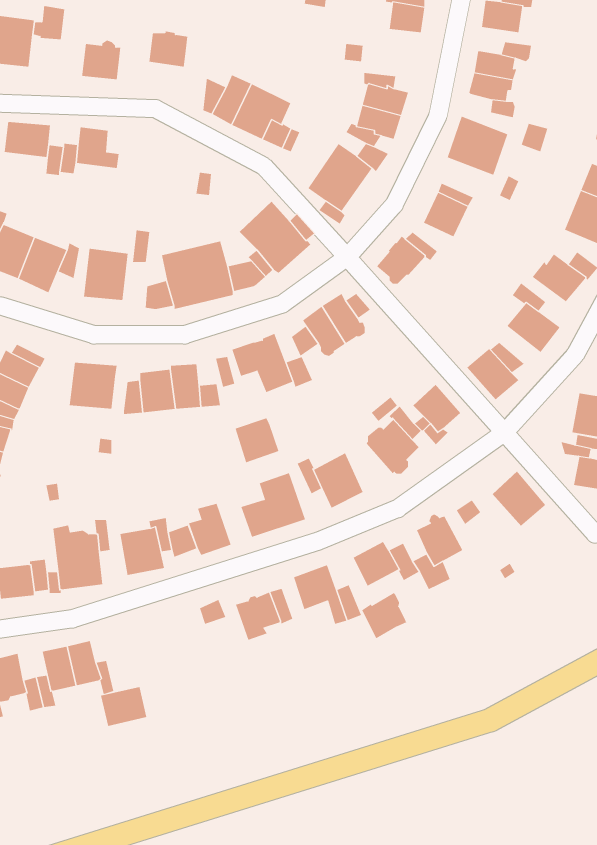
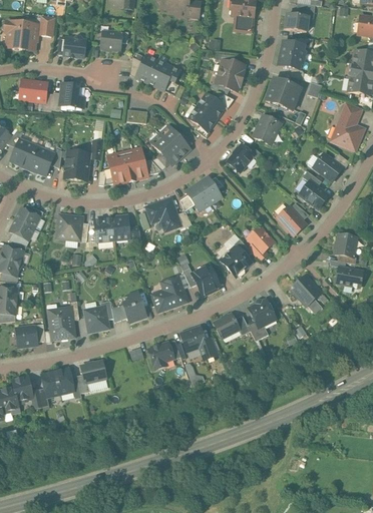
building: [235,417,279,463] -> none
building: [361,592,407,639] -> none
building: [100,687,147,726] -> [80,360,106,382]

